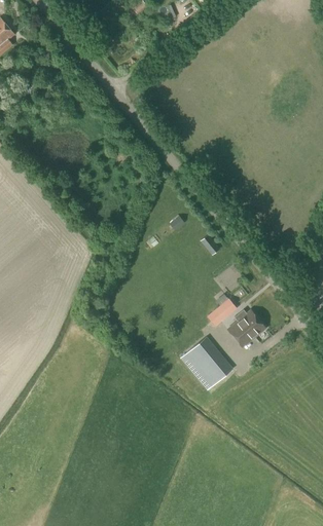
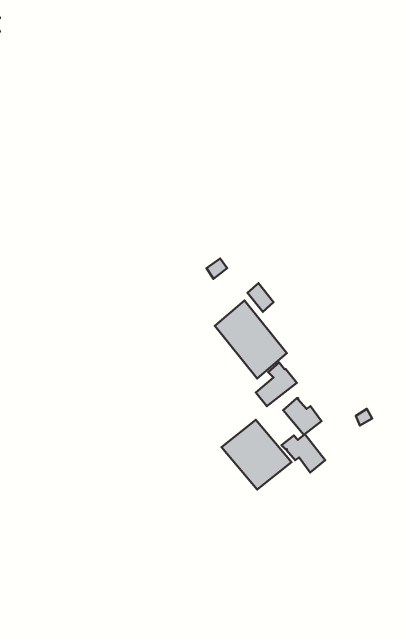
building: none -> [215,300,287,379]
building: [235,309,267,338] -> [281,434,325,473]

